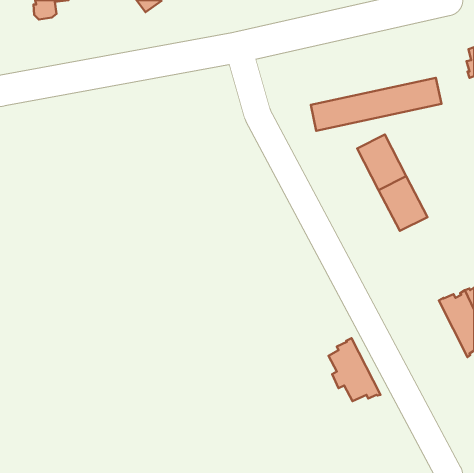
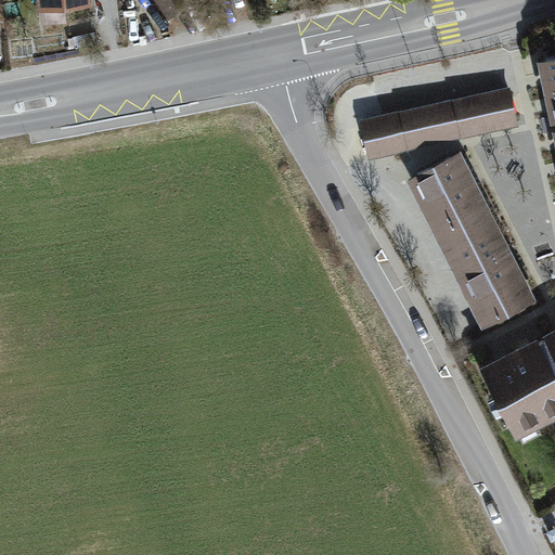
building: none -> [467,255,525,320]
building: [328,338,380,401] -> [486,352,546,426]

